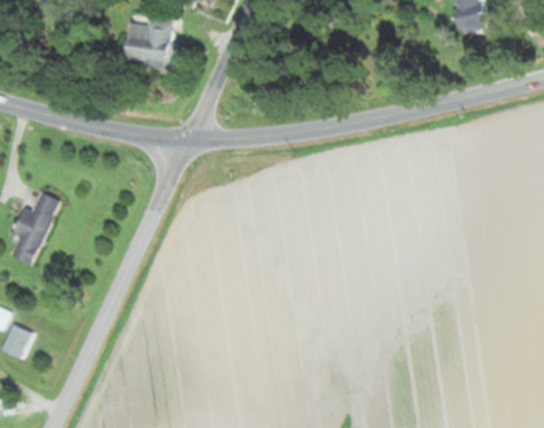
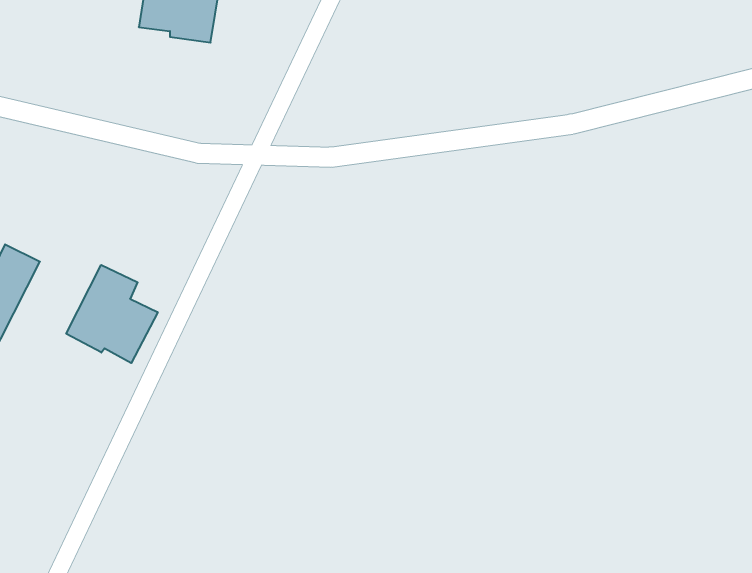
building: none -> [66,265,158,363]

